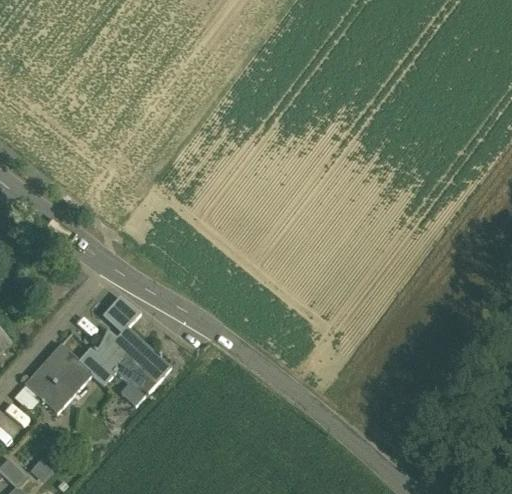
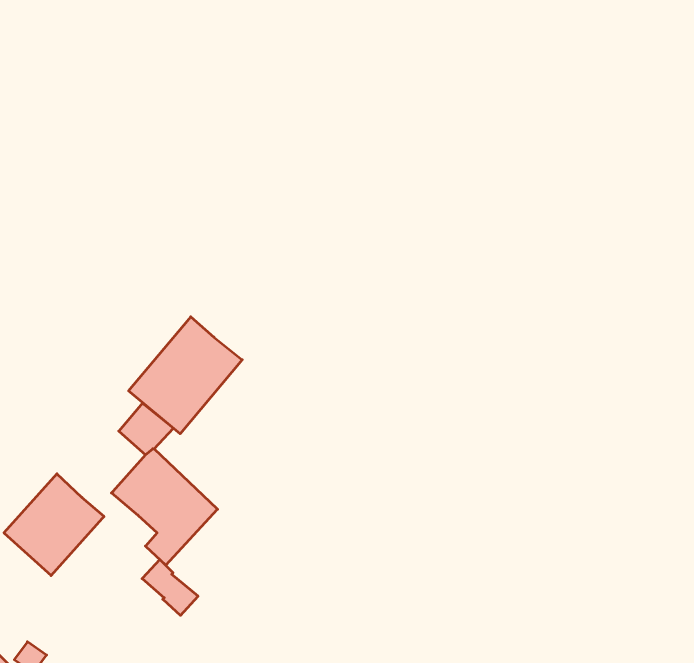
building: none -> [129,317,242,434]
building: [77,347,115,385] -> [142,559,198,615]

